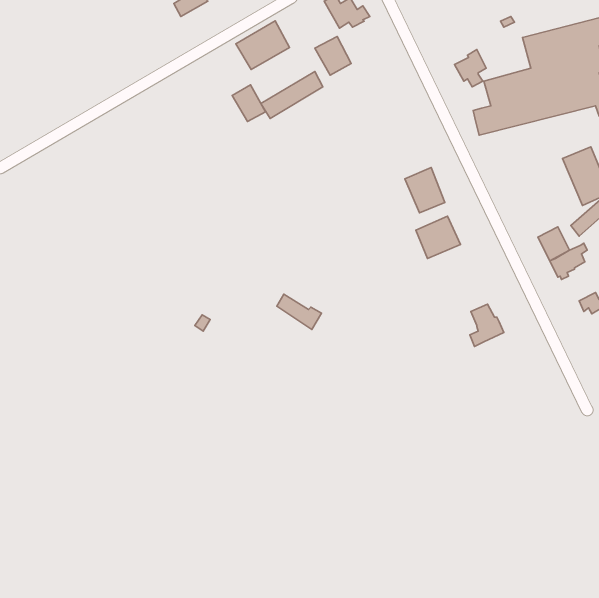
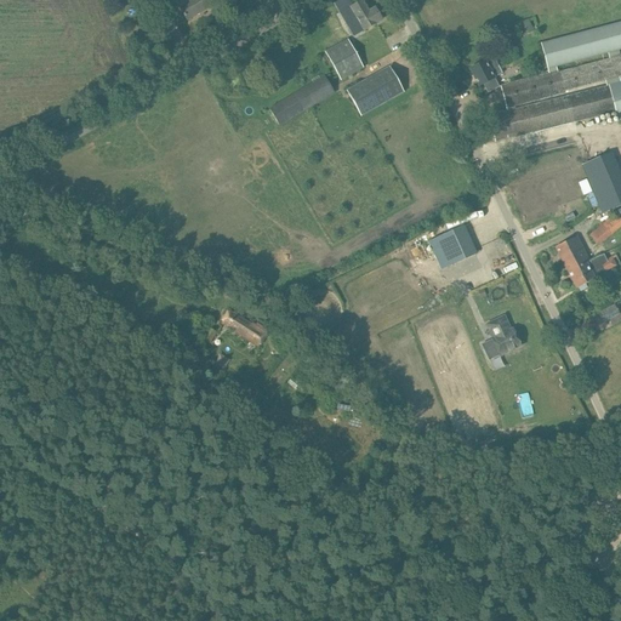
building: [236,21,290,69] -> none
building: none -> [347,63,405,114]
building: [232,85,265,122] -> none
building: [405,167,445,213] -> none
building: [277,294,321,330] -> [223,308,269,344]

